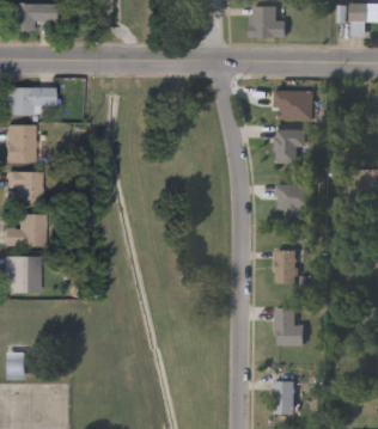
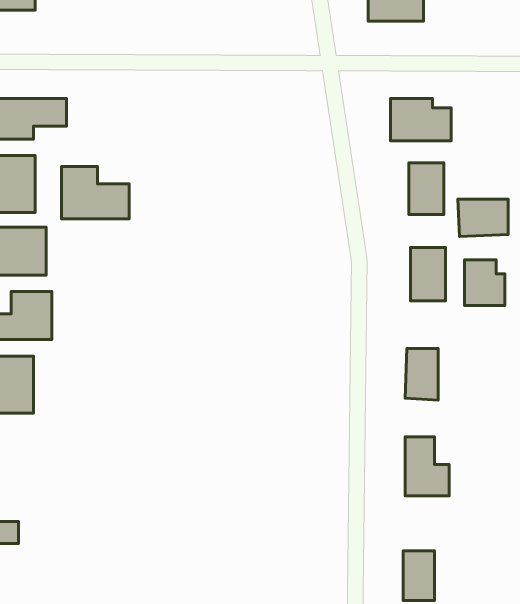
building: none -> [61,167,129,219]
building: none -> [458,199,508,237]
building: none -> [464,260,505,306]

